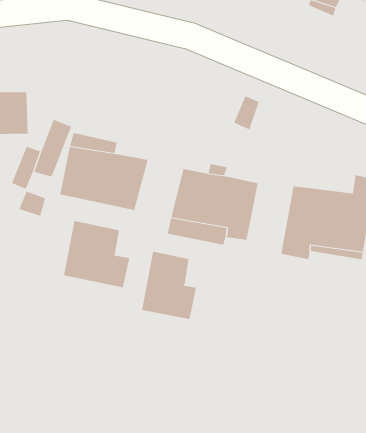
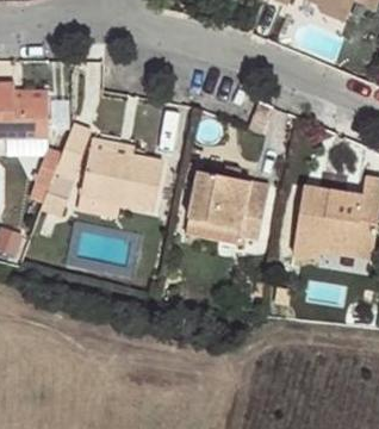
building: [63,220,130,288] -> none
building: [141,251,197,320] -> none

